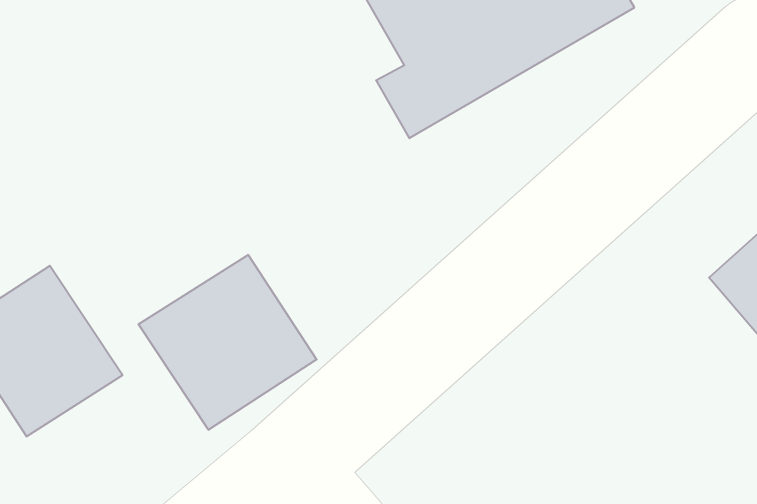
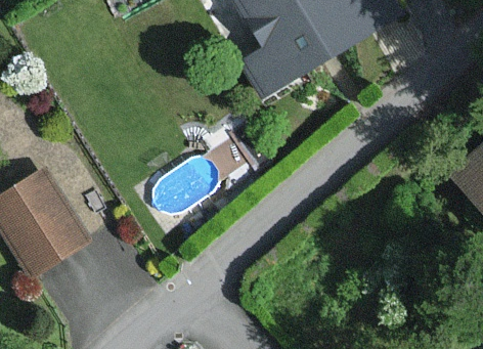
building: [138,255,317,430] -> none

